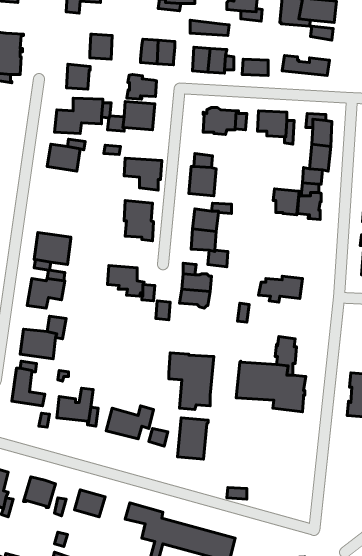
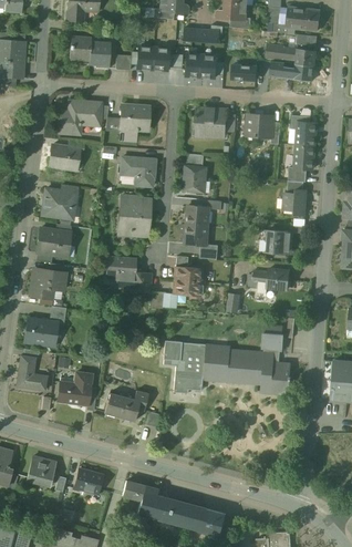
building: none -> [266,43,314,65]
building: [67,64,90,89] -> [69,35,91,59]
building: [127,74,157,99] -> none
building: [273,189,299,215] -> [267,229,291,254]
building: none -> [42,188,76,218]
building: [177,418,208,459] -> [201,343,230,382]

